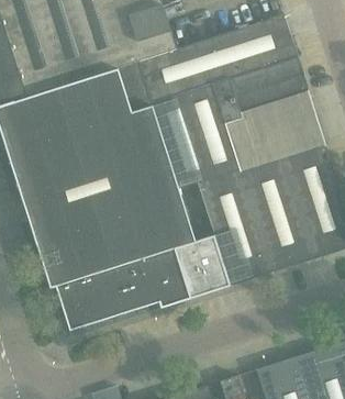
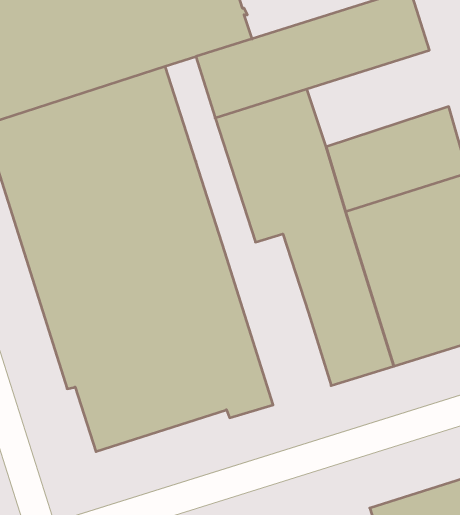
building: [213,56,310,122] -> none
building: [116,60,230,298] -> none

